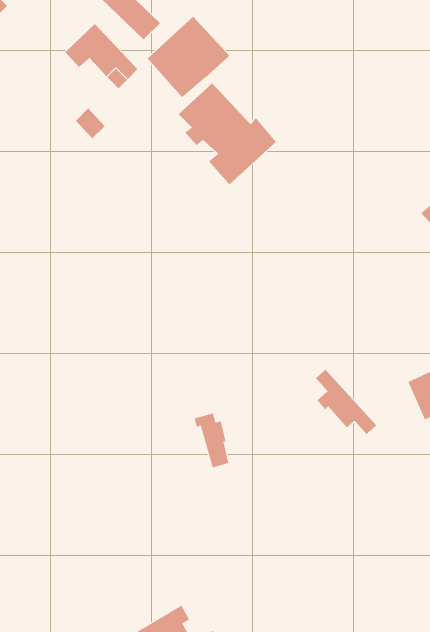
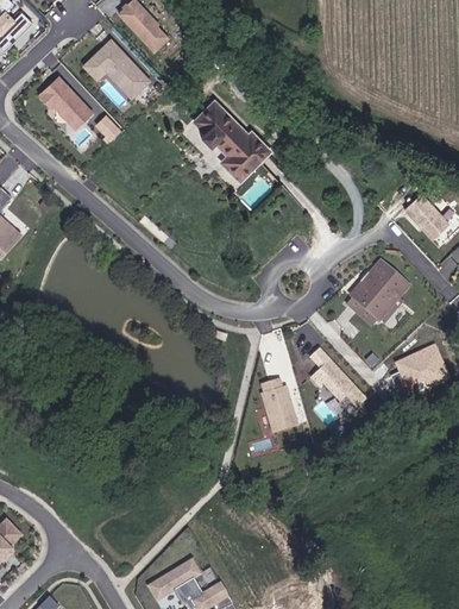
building: [147,16,230,98] -> none
building: none -> [39,75,93,127]
building: none -> [353,269,408,327]
building: [194,413,229,468] -> [262,379,294,429]

